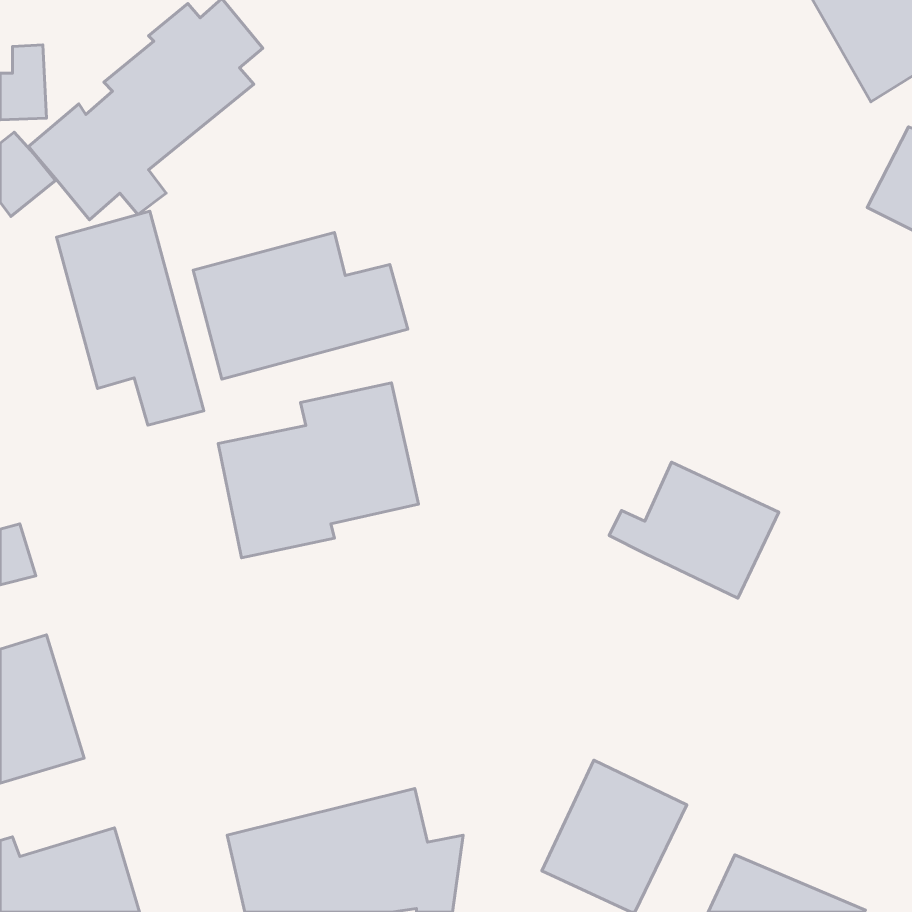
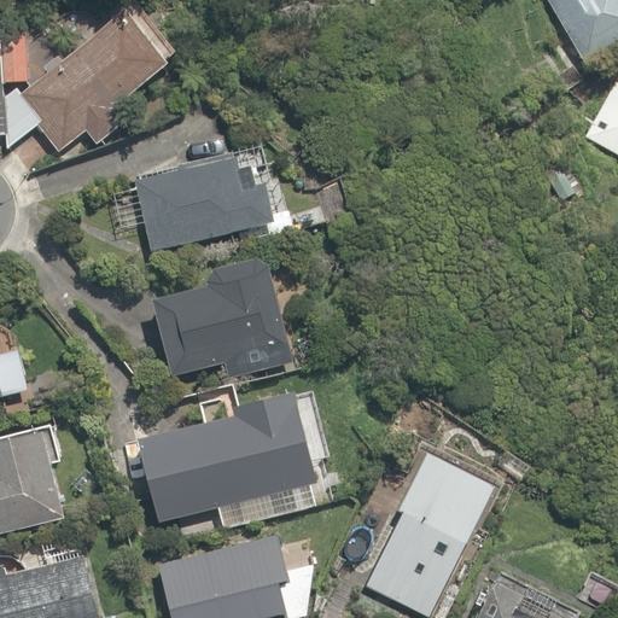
building: [56,211,204,425] -> none
building: [609,462,779,598] -> [378,451,492,543]
building: none -> [136,391,327,527]

